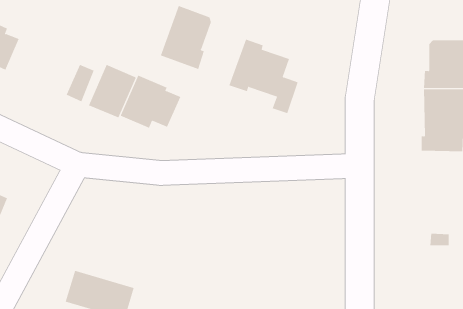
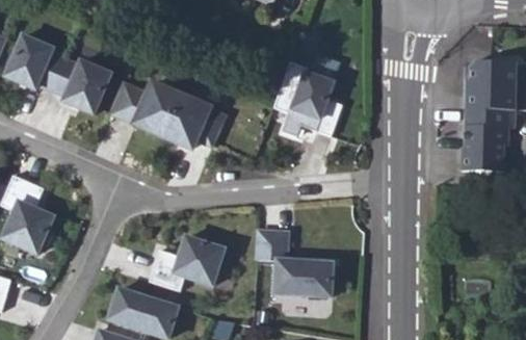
building: [160,5,211,70] -> none
building: none -> [52,60,112,115]
building: none -> [257,231,338,297]
building: none -> [149,235,223,289]

